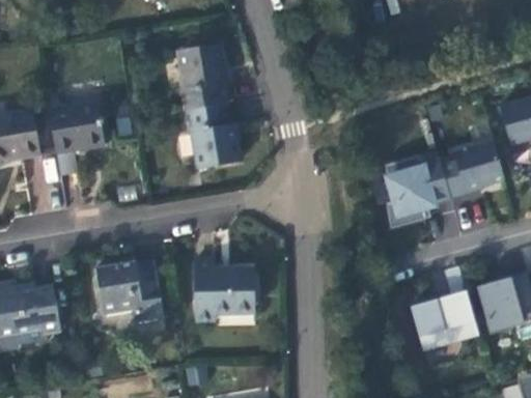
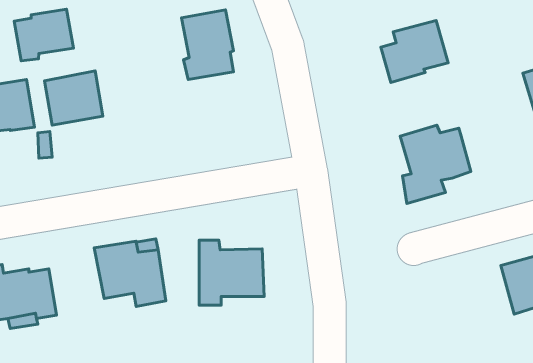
building: none -> [14,9,73,61]
building: [185,104,241,170] -> none
building: [441,139,504,197] -> [381,21,448,83]
building: [411,289,478,349] -> none

